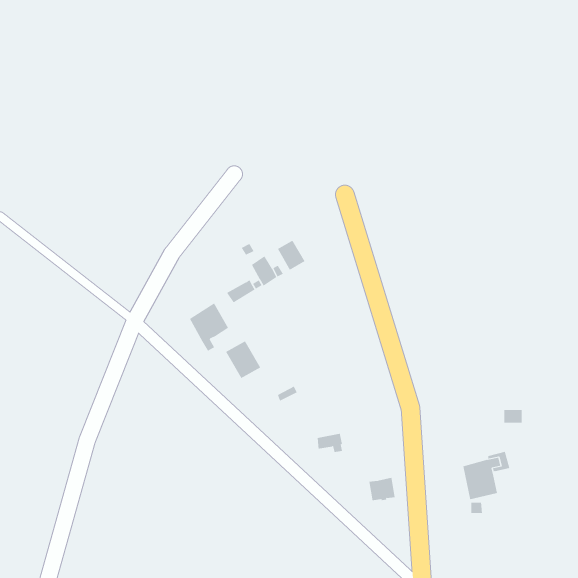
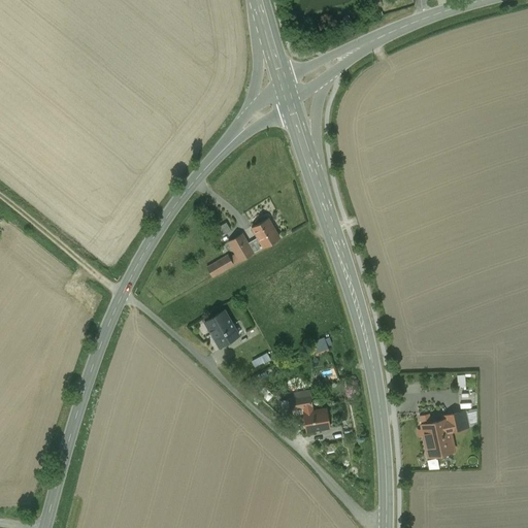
building: [189,303,229,352] -> none
building: [368,477,396,501] -> [304,408,329,430]

